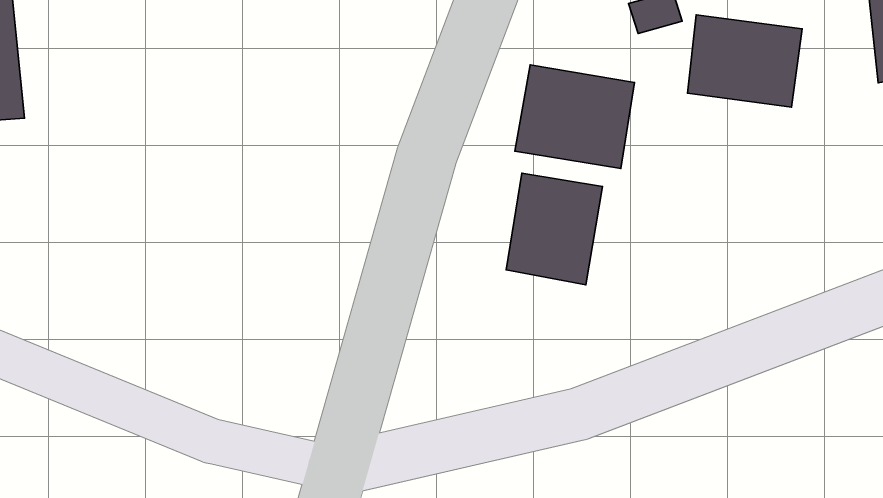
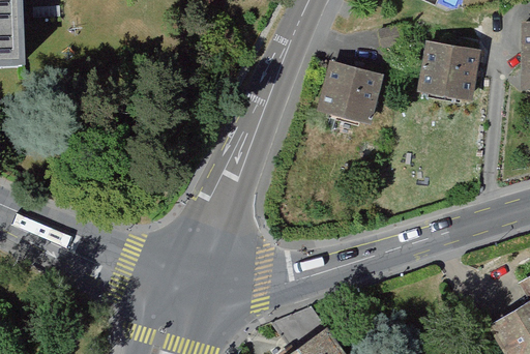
building: [506,173,602,285] -> none

